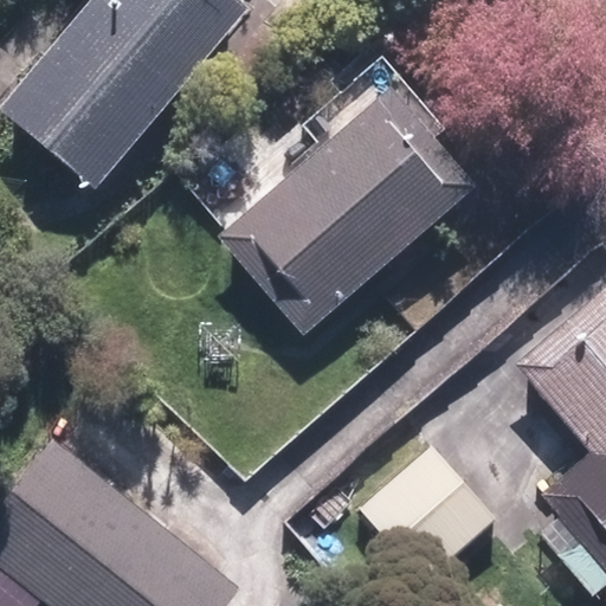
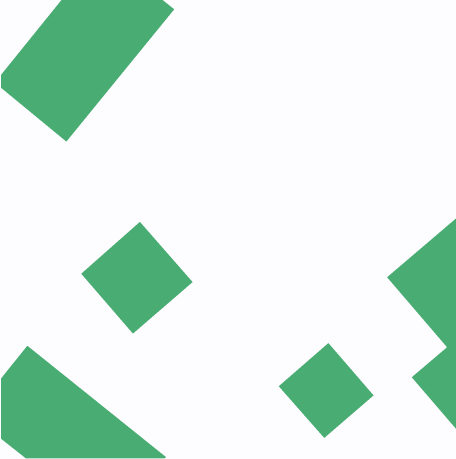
building: [221,95,469,333] -> none
building: none -> [80,221,194,335]

